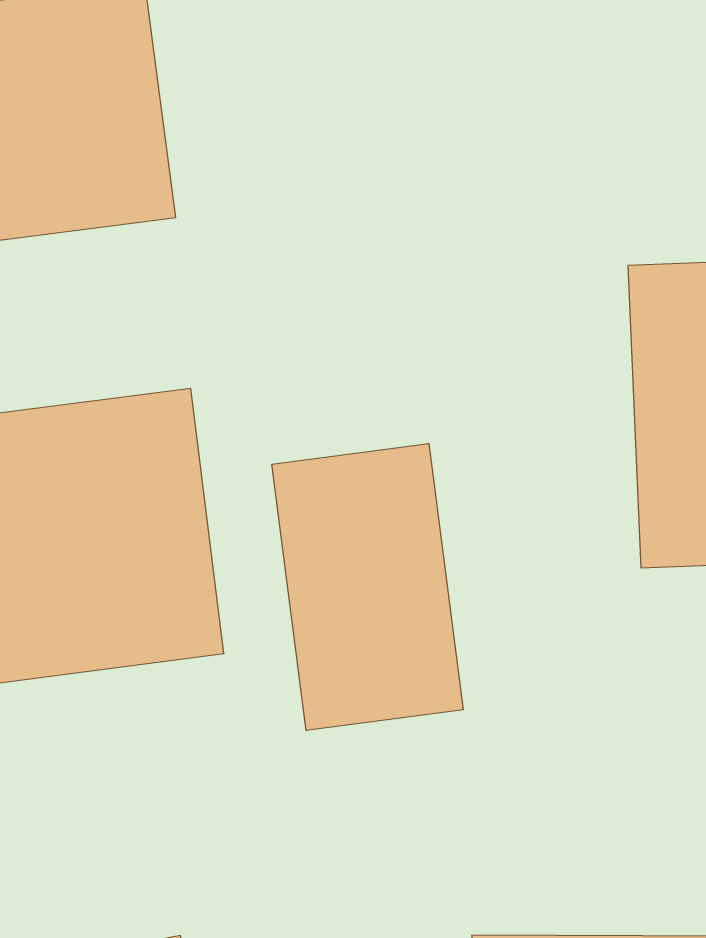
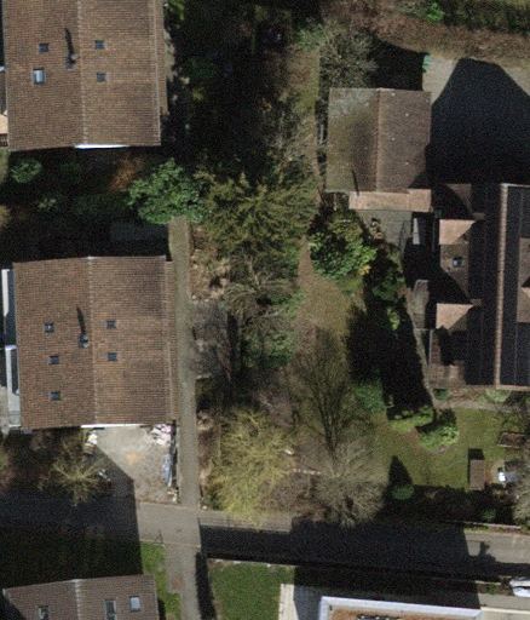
building: none -> [332,96,431,180]
building: [272,443,463,731] -> none

